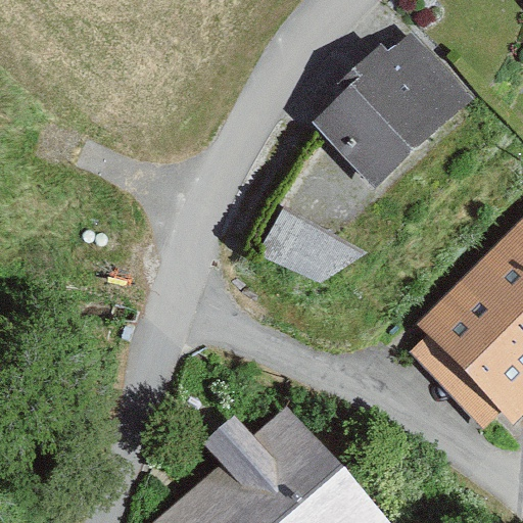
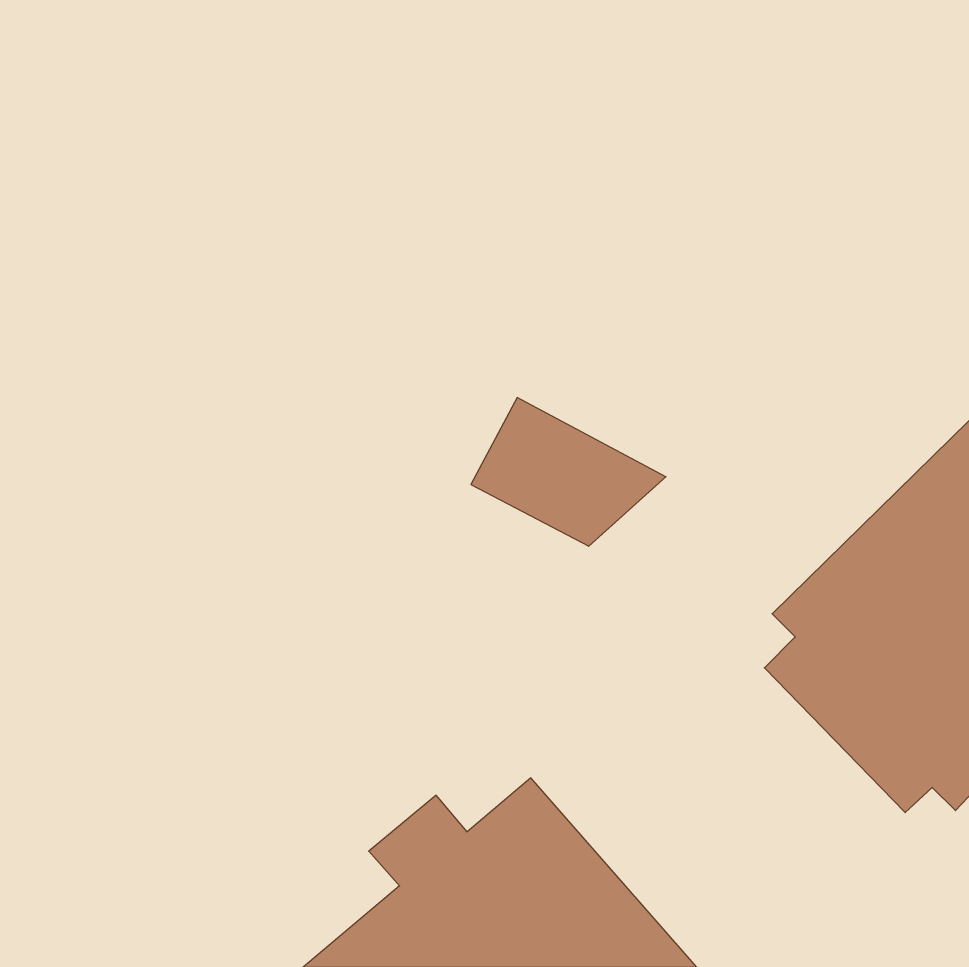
building: [315,35,468,185] -> none

